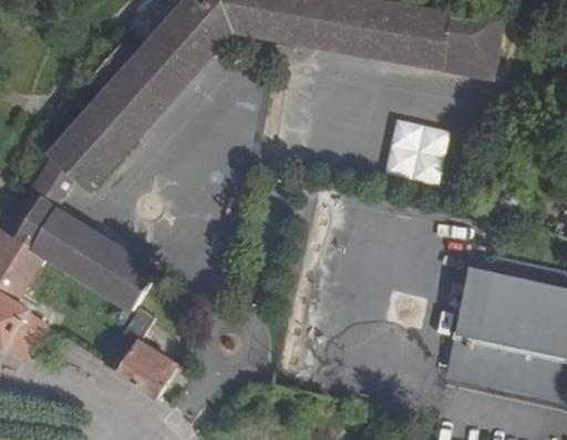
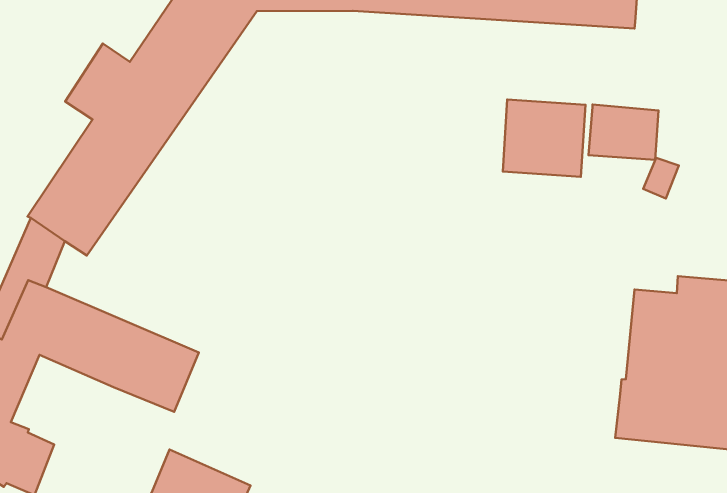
building: none -> [588,105,658,160]

